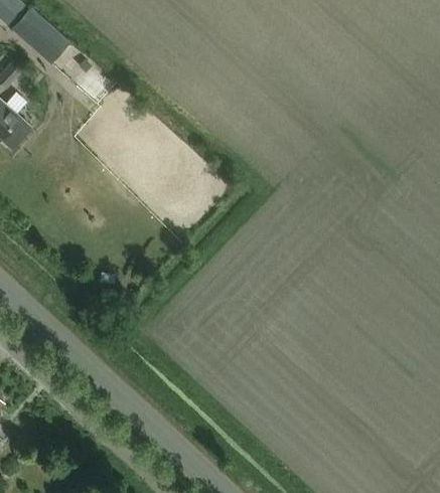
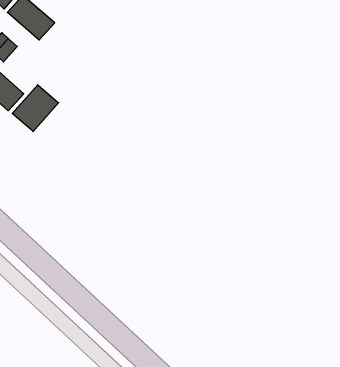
building: none -> [12,85,59,132]

